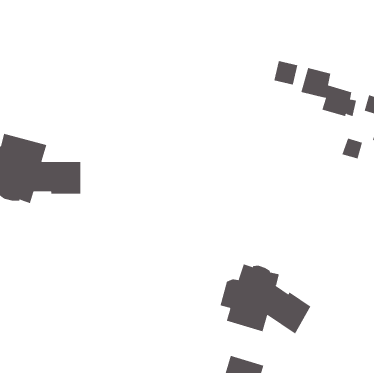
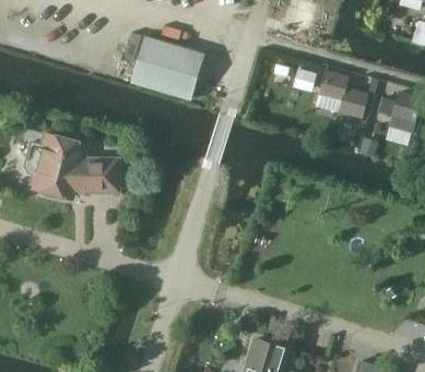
building: none -> [132,36,205,99]
building: [220,264,311,335] -> none

